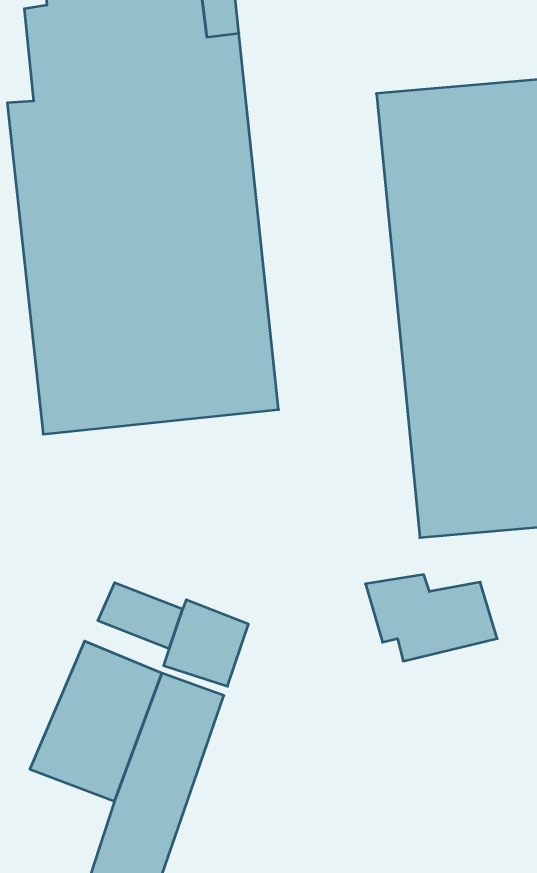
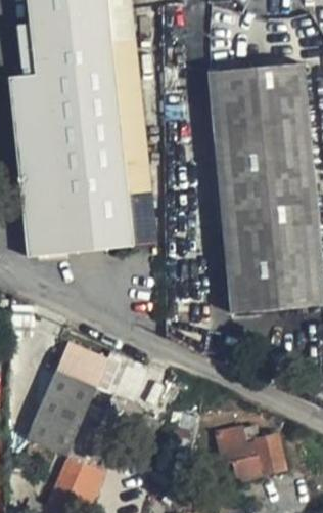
building: [365,575,497,661] -> [217,427,288,474]

